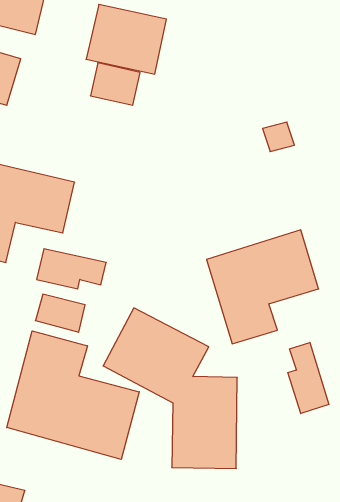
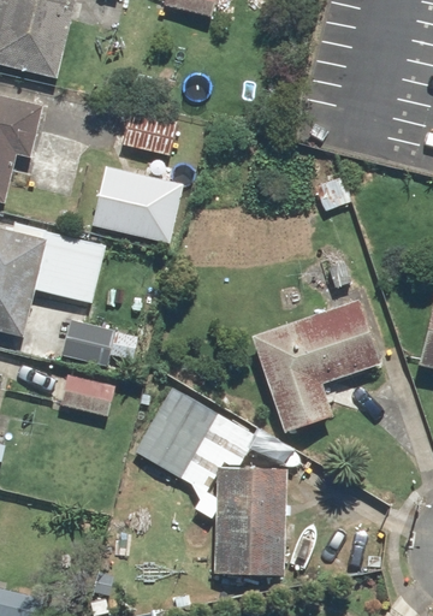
building: [86,4,166,74] -> [93,164,184,243]
building: [7,331,139,459] -> none
building: [288,342,329,414] -> none

